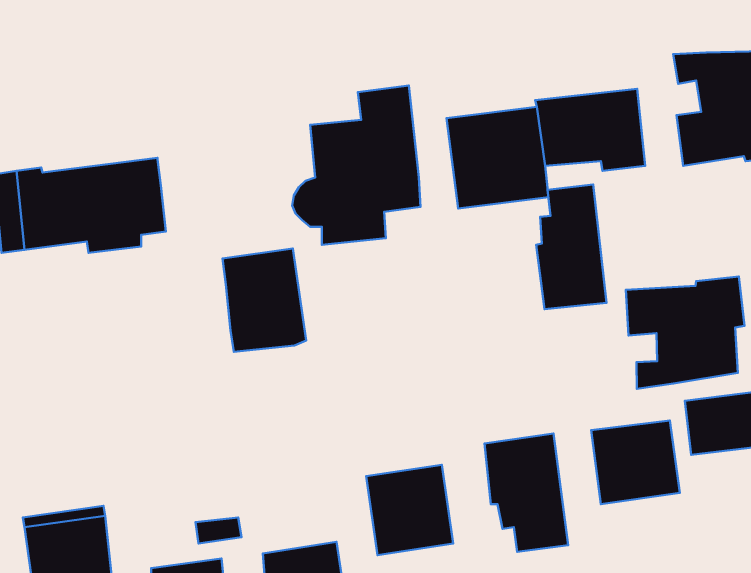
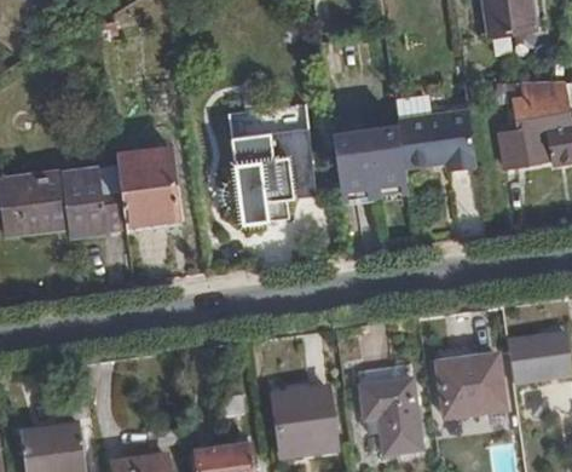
building: [536,184,606,309] -> none
building: [222,248,306,352] -> [119,156,180,232]
building: [626,276,744,389] -> none

